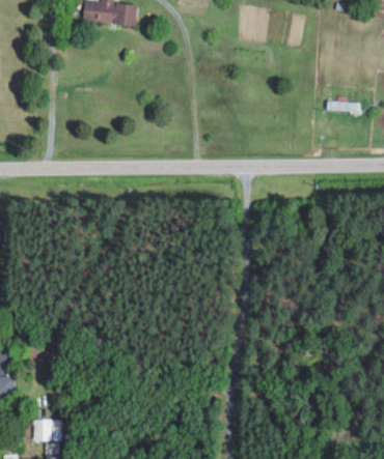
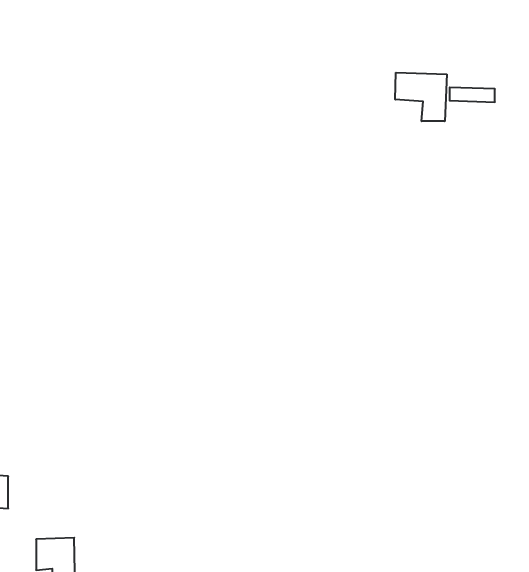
building: none -> [395,73,447,121]

